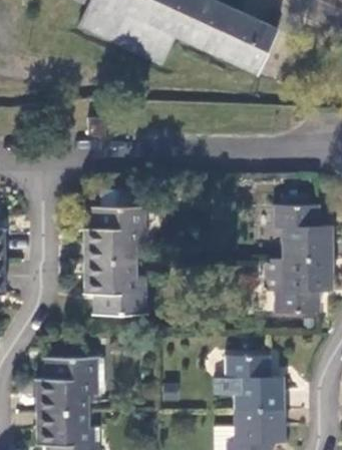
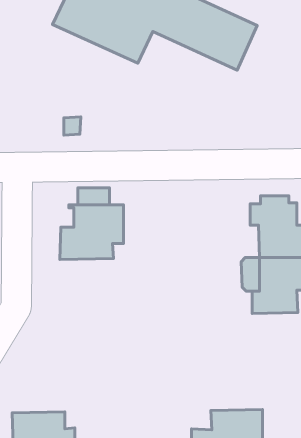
building: [84,259,147,315] -> none
building: [215,355,285,409] -> none
building: [36,356,99,411] -> none

